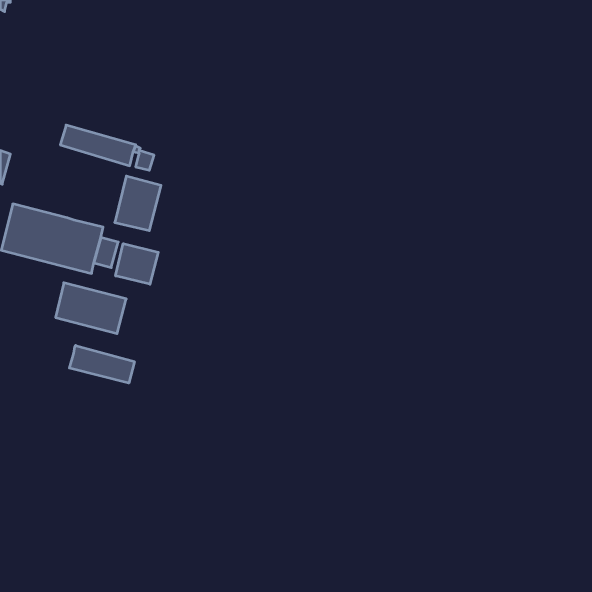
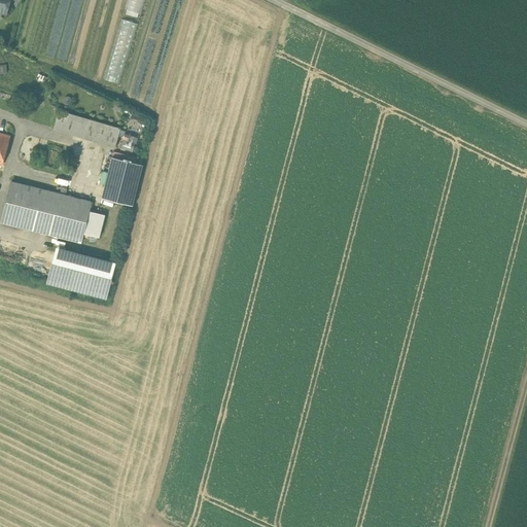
building: [116,244,158,284] -> none
building: [69,345,134,383] -> none

